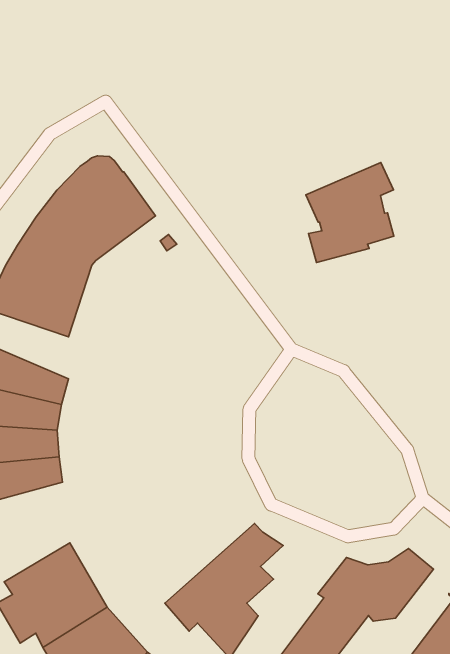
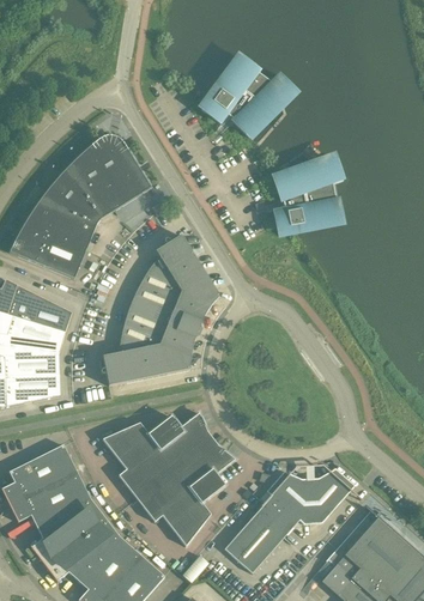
building: none -> [201,56,292,136]
building: none -> [103,235,219,386]
building: none -> [102,413,213,498]

